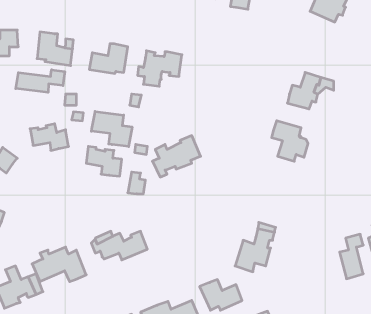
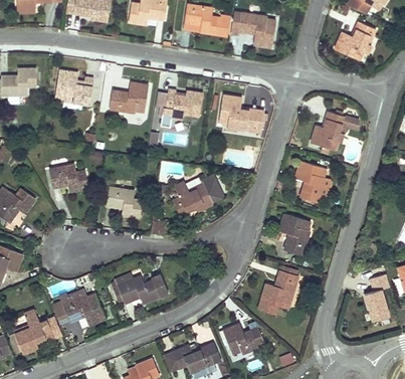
building: none -> [219,96,268,130]
building: [16,70,65,92] -> none
building: [91,111,132,147] -> none
building: none -> [278,213,310,255]

